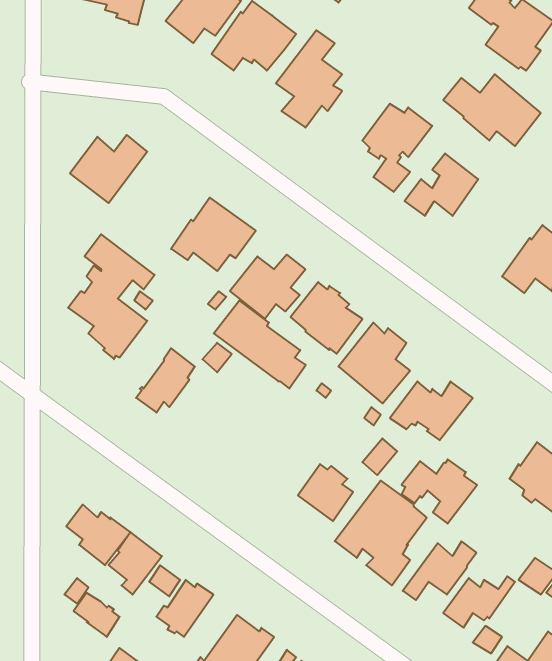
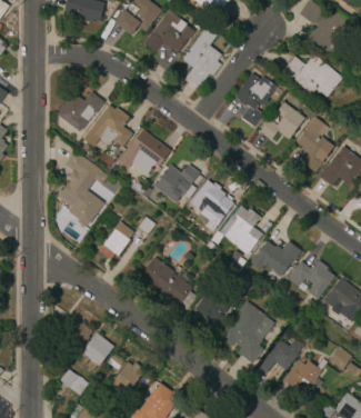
building: none -> [83,104,133,148]
building: none -> [297,117,327,171]
building: [214,300,306,389] -> [140,257,195,310]
building: [402,459,477,524] -> [290,259,335,298]

